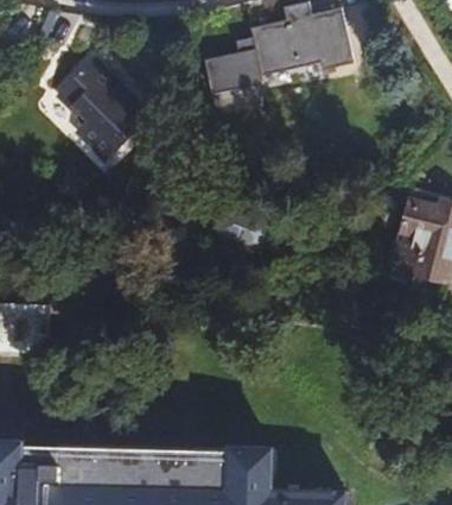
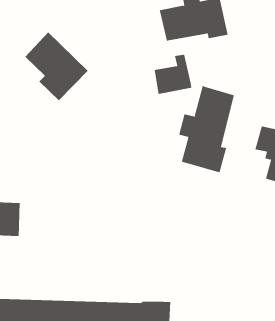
building: [208,31,263,89] -> [154,54,192,94]
building: none -> [179,85,234,173]

